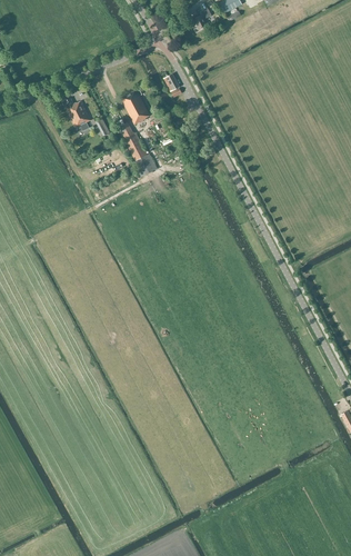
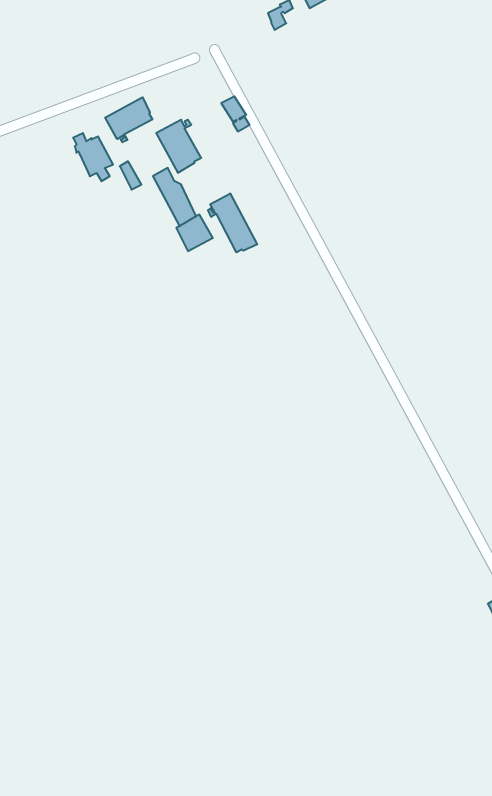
building: none -> [105,97,152,142]
building: none -> [208,193,257,252]

